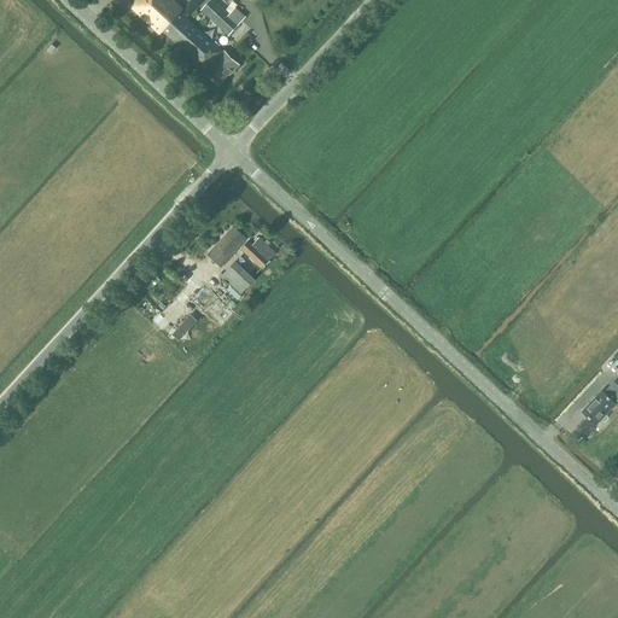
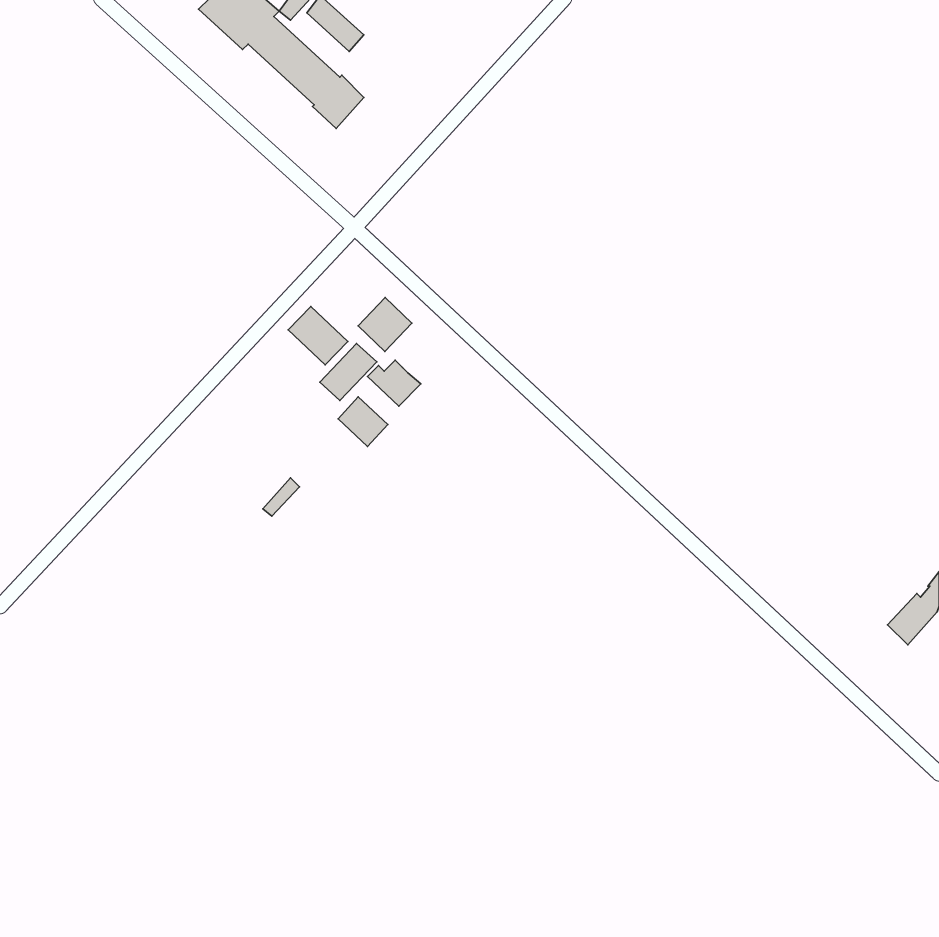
building: none -> [358,297,412,351]
building: none -> [288,306,348,365]

